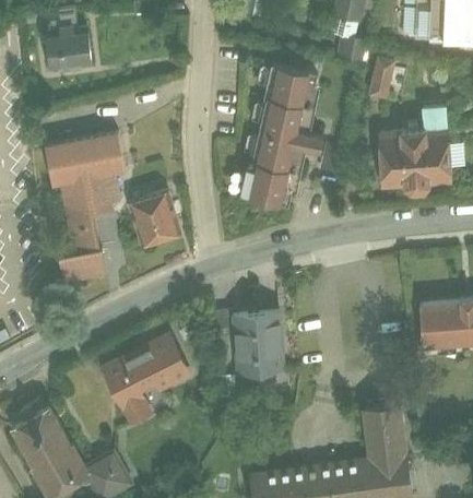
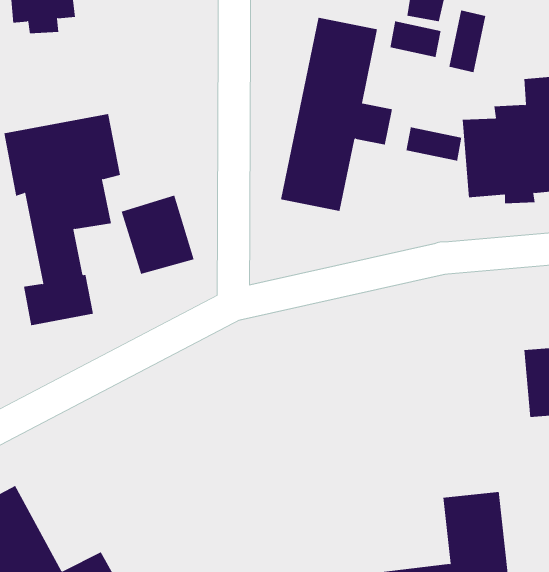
building: none -> [390,21,441,58]
building: none -> [406,126,462,161]
building: [232,311,286,378] -> none
building: [98,331,193,430] -> none

